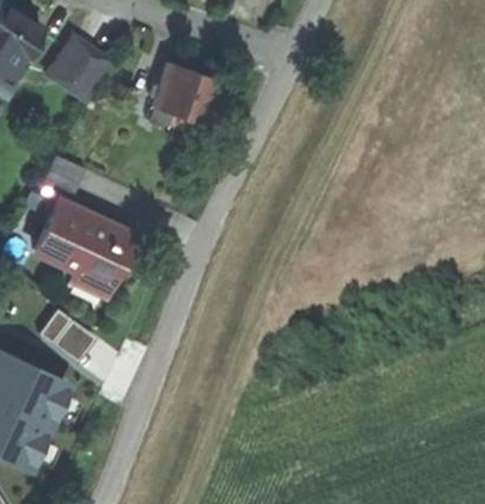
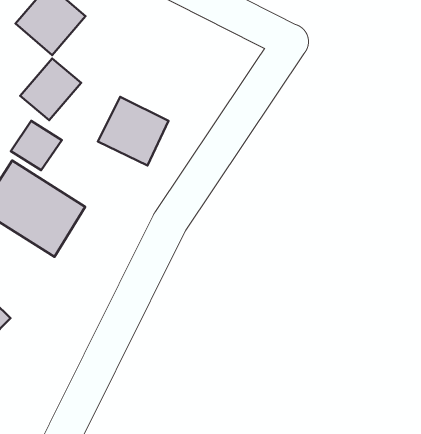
building: [154,63,216,123] -> [98,97,168,166]
building: none -> [20,59,81,120]

